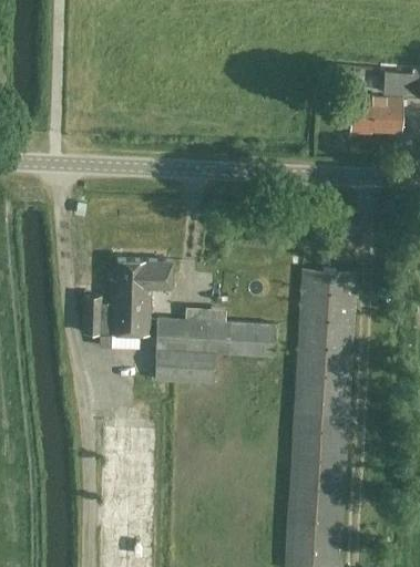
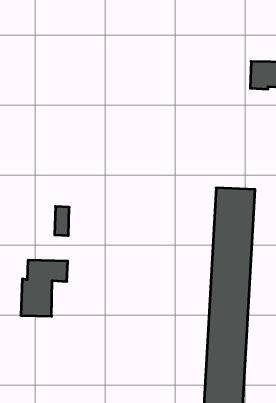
building: [106,260,171,337] -> [21,260,68,316]
building: [154,318,275,384] -> none

